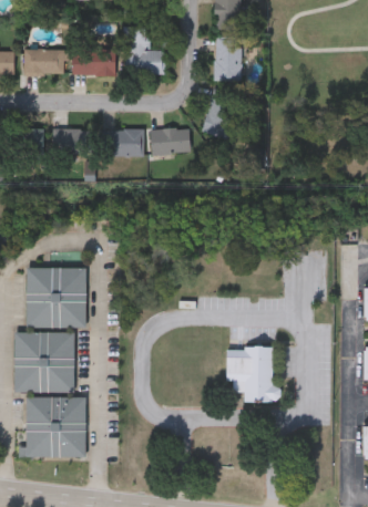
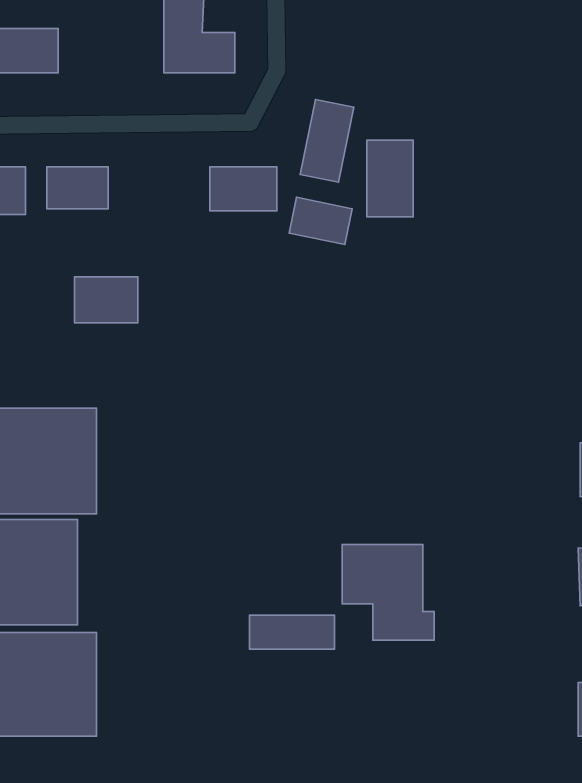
building: [215,38,242,82] -> [367,140,413,217]
building: [72,51,114,74] -> none
building: [106,130,143,156] -> [75,277,138,323]
building: none -> [289,197,352,245]
building: none -> [249,615,335,649]

